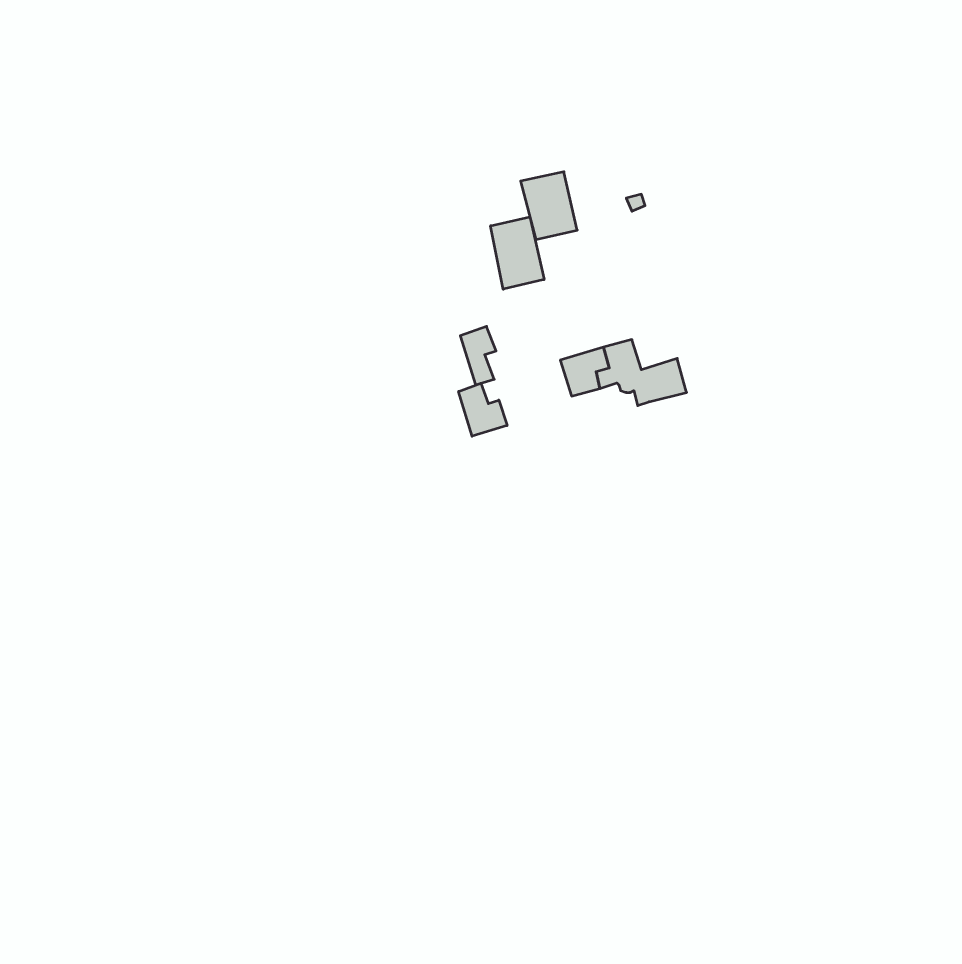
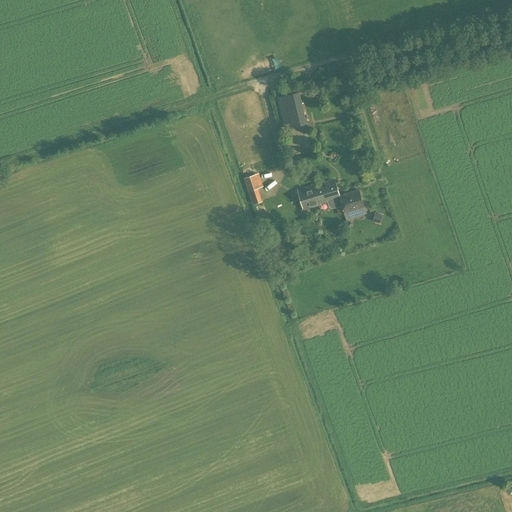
building: [491,217,544,289] -> none
building: [459,383,507,436] -> none

